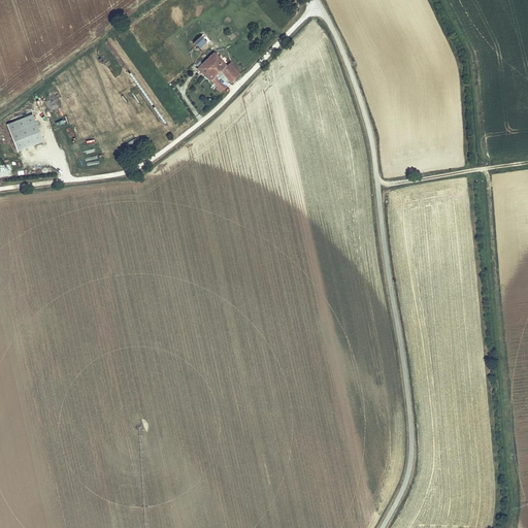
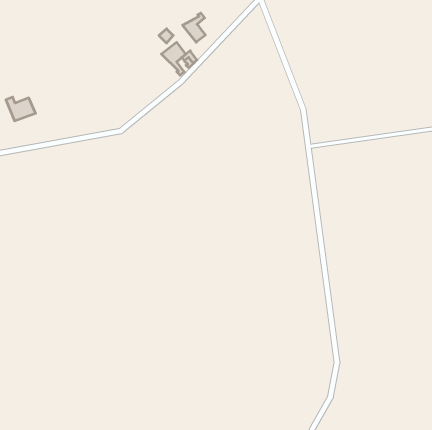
building: none -> [183,13,205,42]

